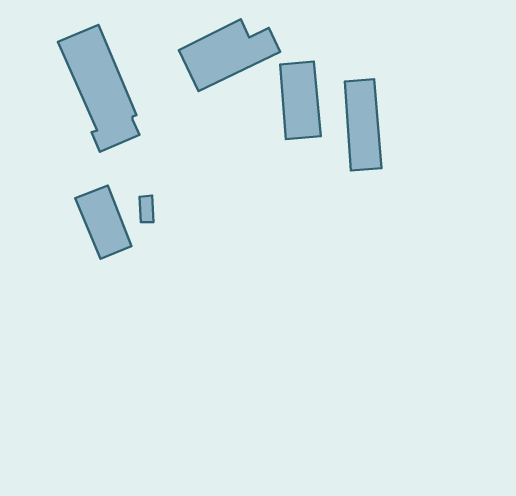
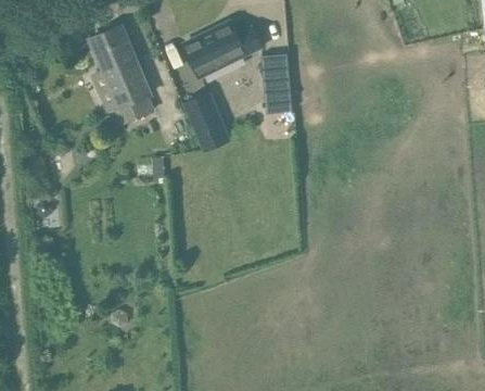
building: [345,79,381,170] -> none
building: [75,186,132,259] -> [183,96,227,152]

